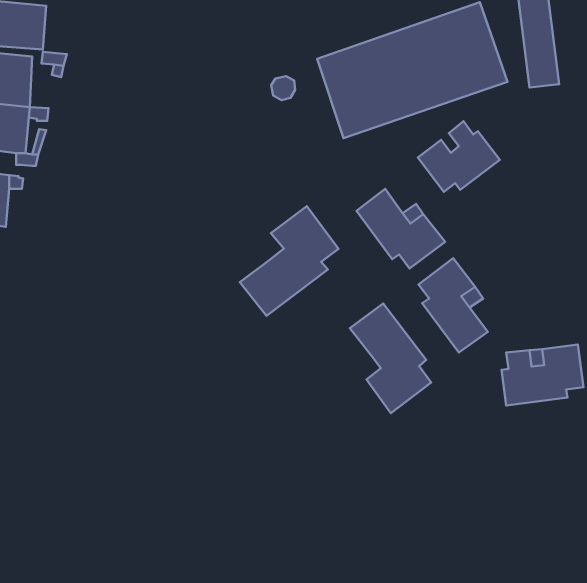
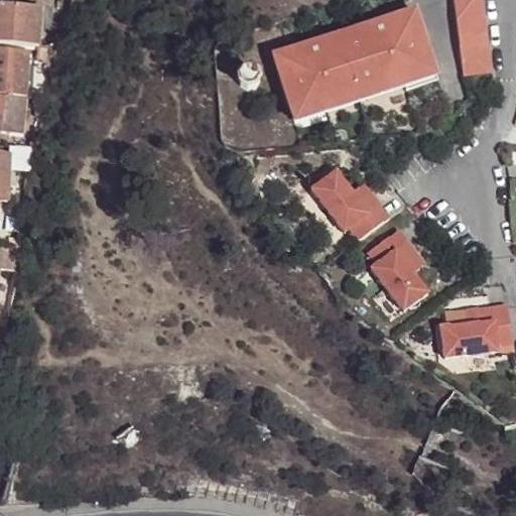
building: [418,121,500,192] -> none
building: [240,206,338,316] -> none
building: [350,304,431,413] -> none

